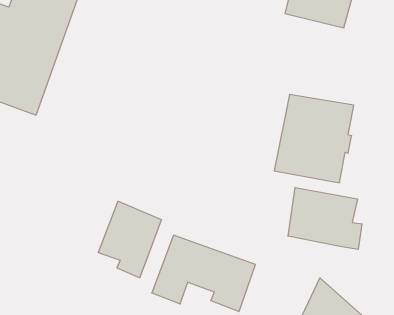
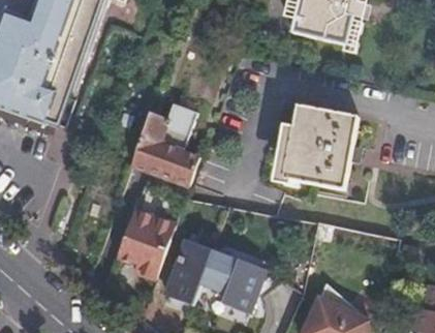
building: none -> [131,103,200,186]
building: [288,187,362,249] -> none

